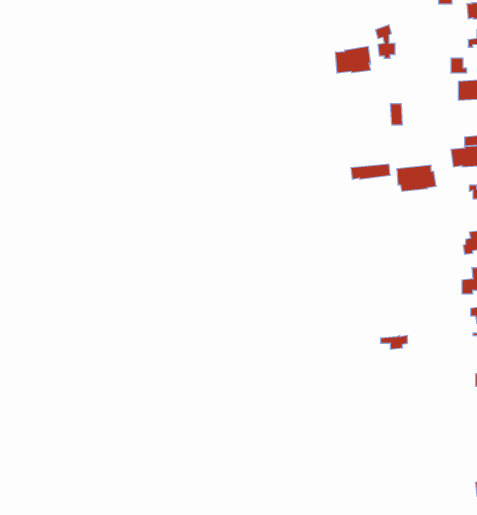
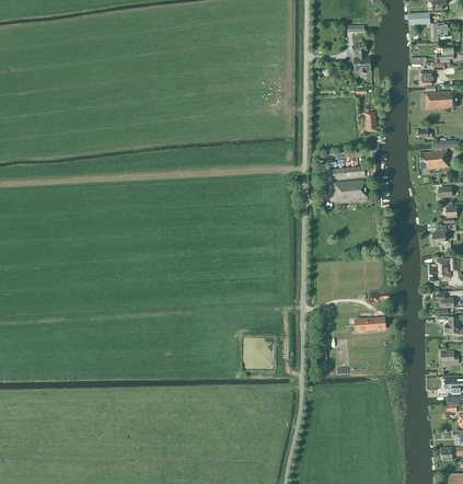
building: [335,46,371,73] -> none
building: [397,165,436,191] -> [333,180,368,203]

